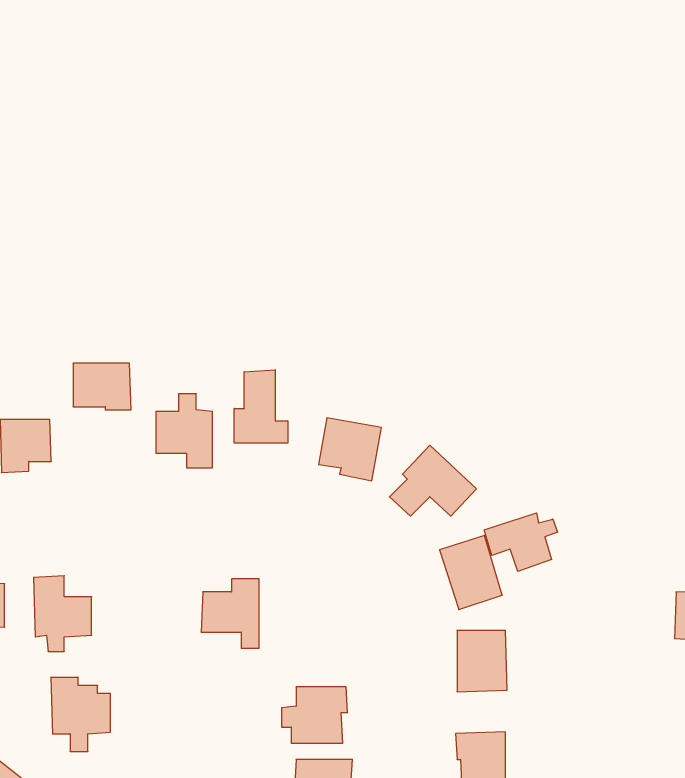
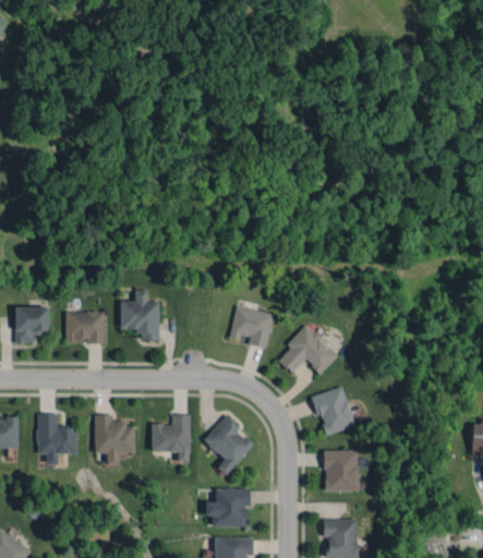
building: [73,363,131,410] -> [65,312,105,343]
building: [234,370,288,443] -> none
building: [484,513,558,571] -> none
building: none -> [203,416,254,475]
building: [51,677,110,751] -> [94,415,134,465]

